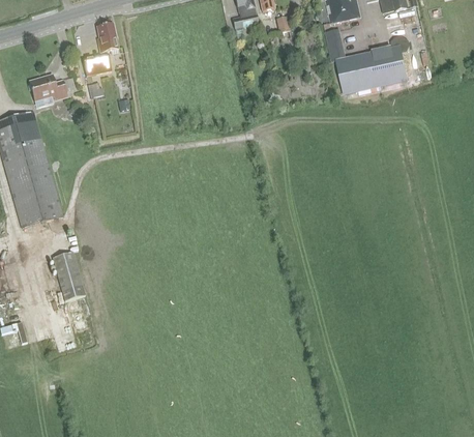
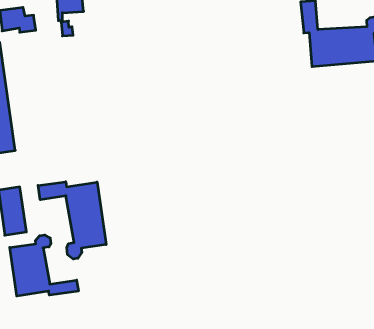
building: none -> [38,182,106,259]
building: none -> [10,235,78,296]

